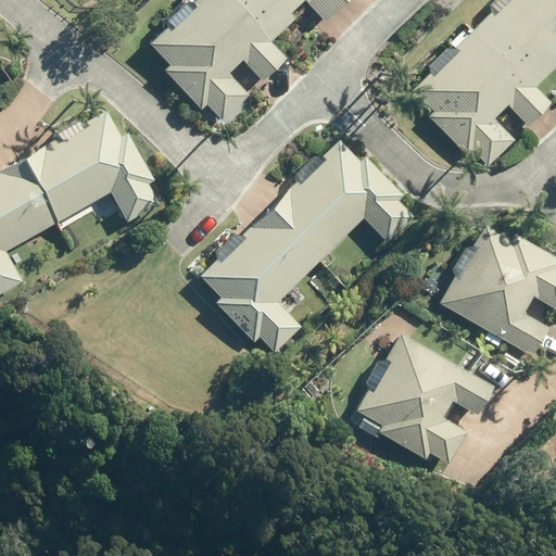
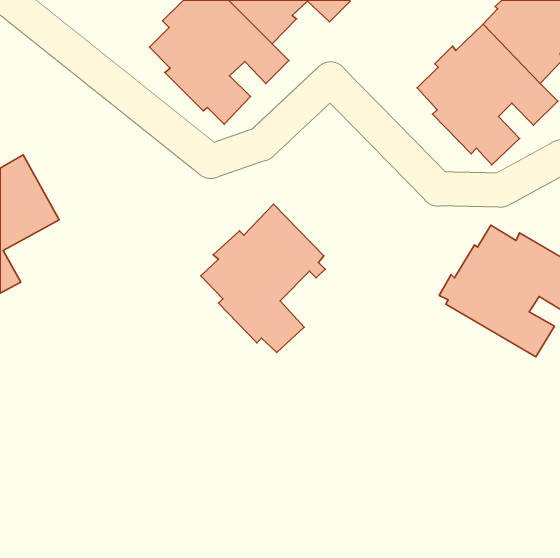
building: [24,112,159,222] -> none
building: [271,140,414,256] -> none
building: [357,334,494,465] -> none

